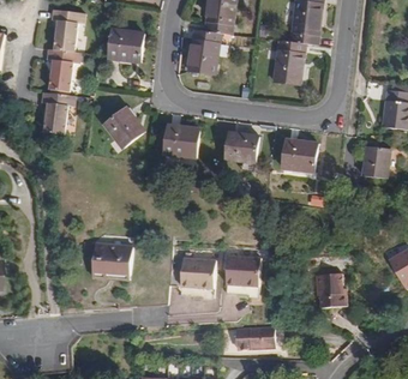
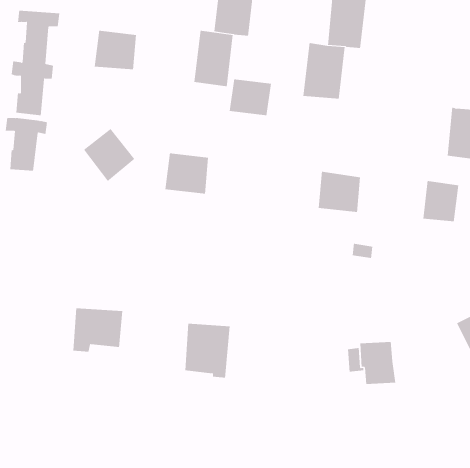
building: [224,132,258,161] -> [229,79,272,116]
building: [223,254,259,297] -> none
building: [236,325,275,348] -> none

